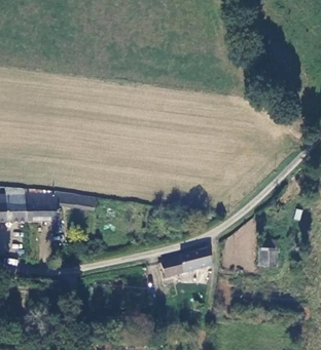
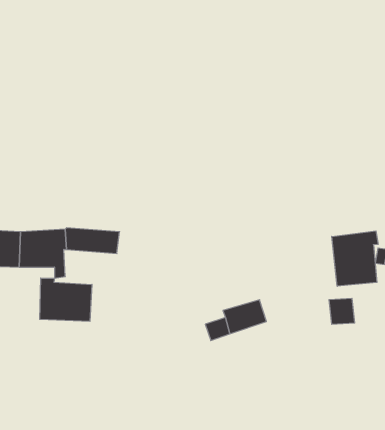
building: none -> [332,231,378,286]
building: none -> [40,278,92,321]

